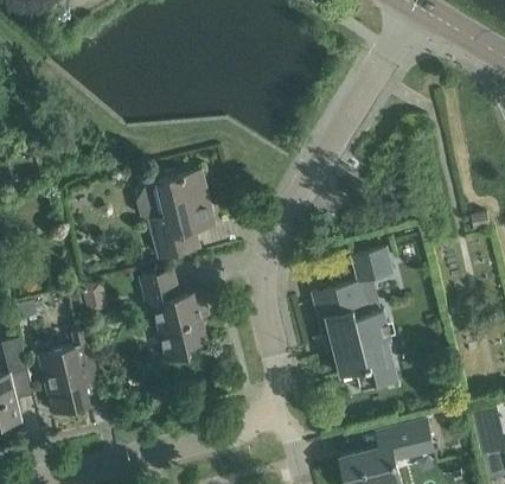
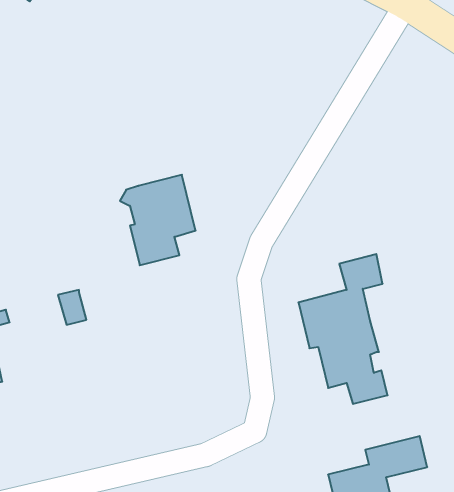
building: [140,269,206,361] -> none
building: [38,329,98,414] -> none

